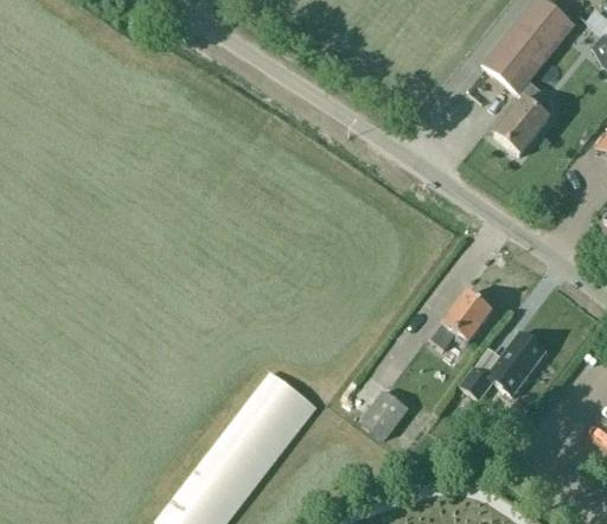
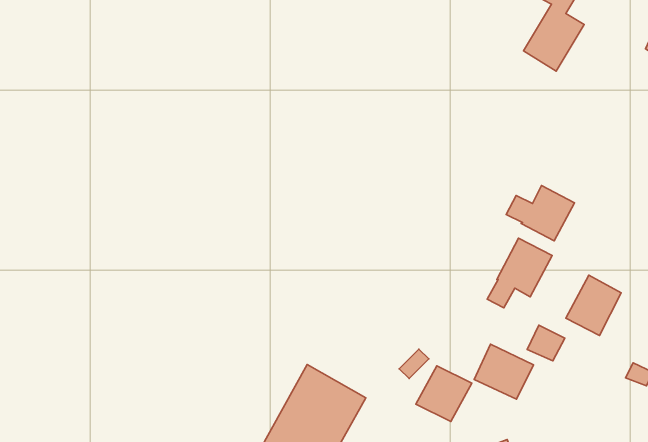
building: none -> [506,185,574,241]
building: none -> [474,344,534,399]

